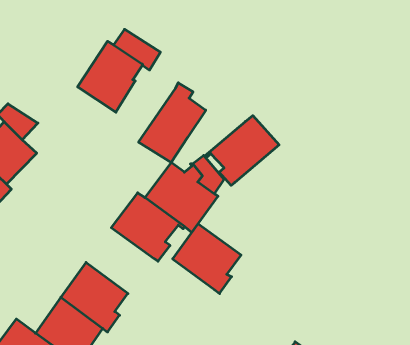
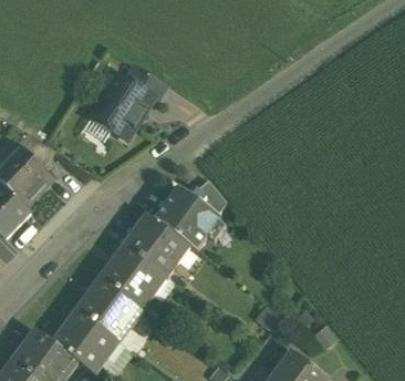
building: [139,83,206,163] -> none
building: [205,116,279,185] -> none
building: [173,224,241,294] -> [98,246,162,310]

